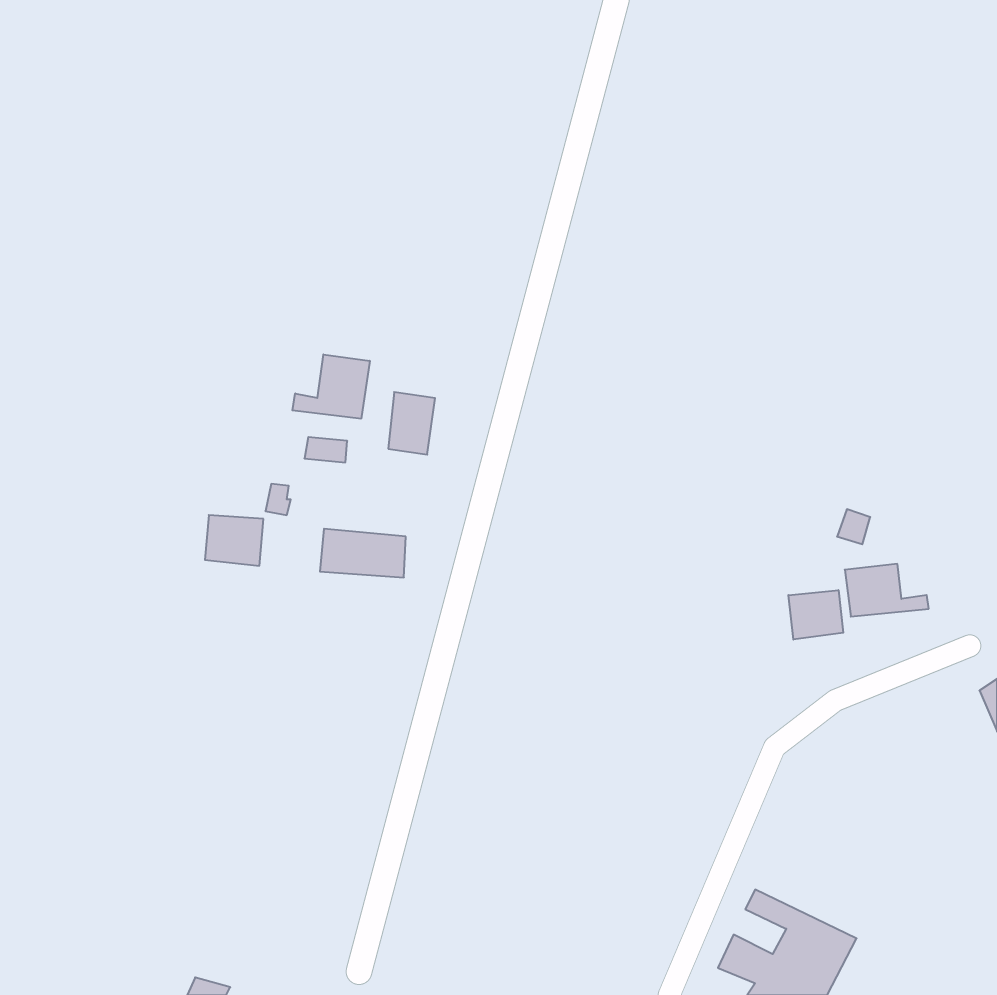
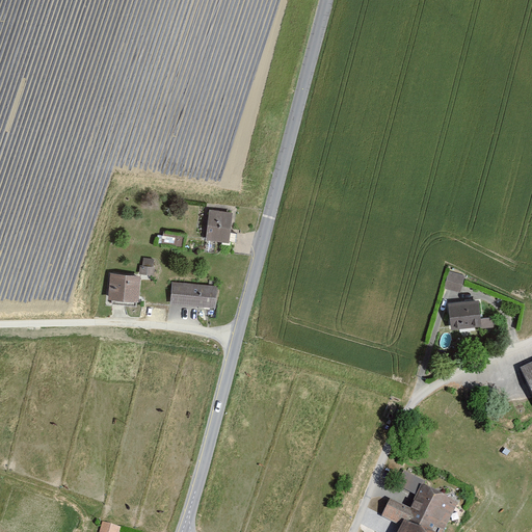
building: [292,354,370,419] -> none
building: [788,590,843,640] -> none

